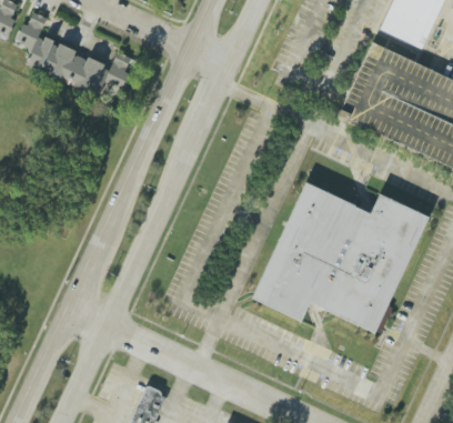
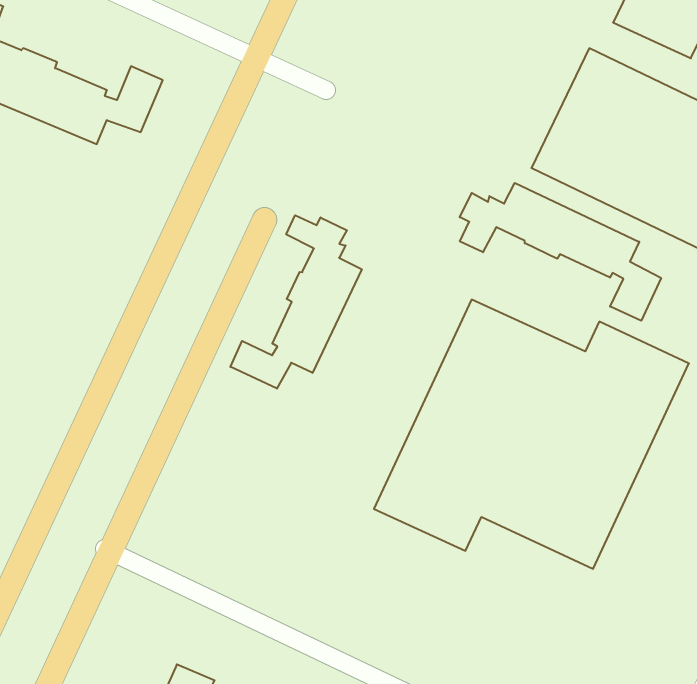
building: none -> [460,183,661,321]
building: none -> [230,215,362,389]

